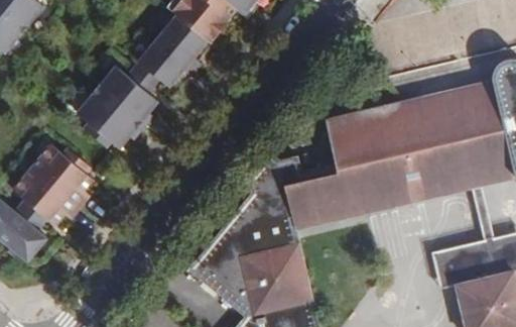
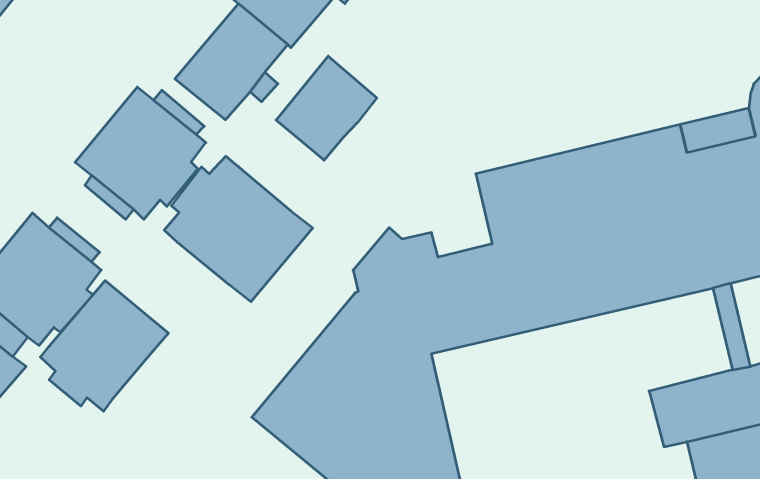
building: none -> [276,56,377,160]
building: none -> [164,156,313,302]
building: none -> [40,281,168,411]

